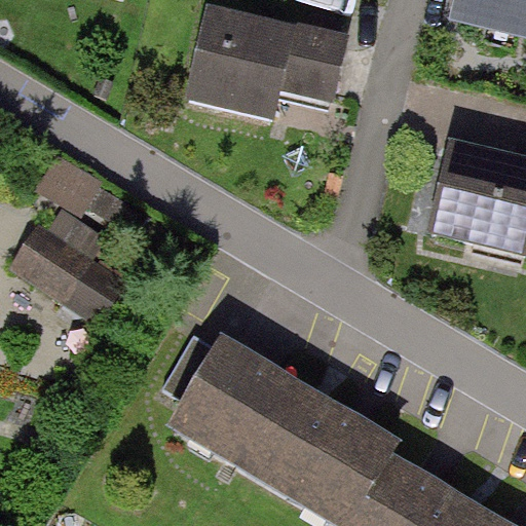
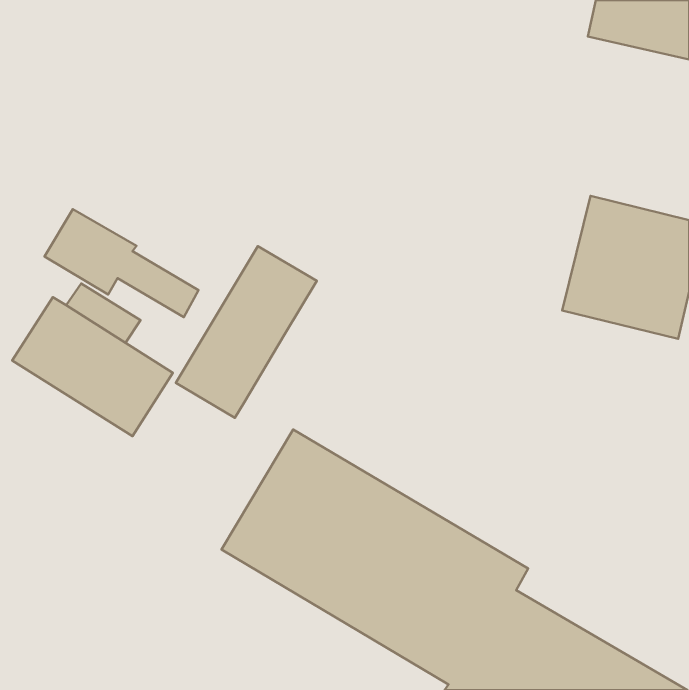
building: [182,21,340,128] -> none
building: none -> [176,246,317,418]

